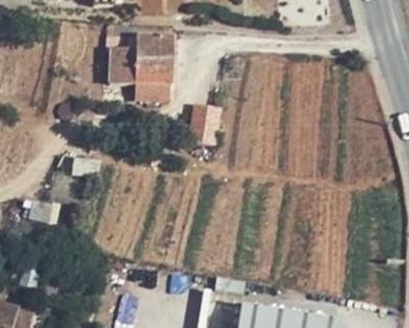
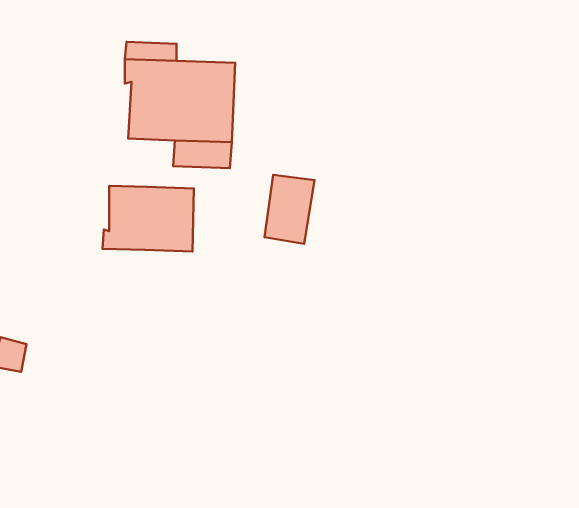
building: none -> [102,186,194,252]

